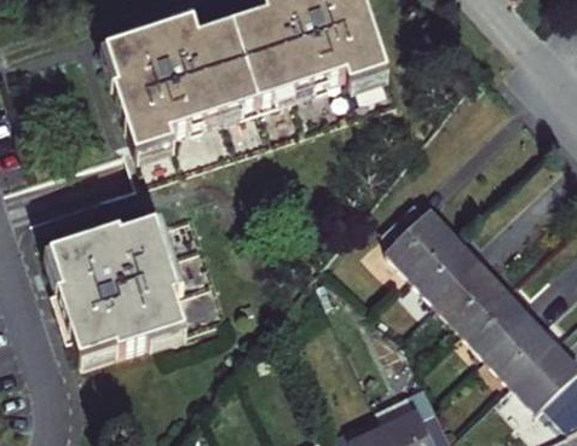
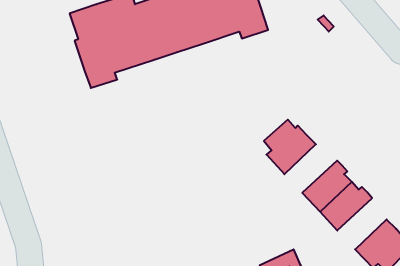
building: [51,225,185,361] -> none
building: [410,237,485,306] -> none
building: [485,313,555,386] -> none

